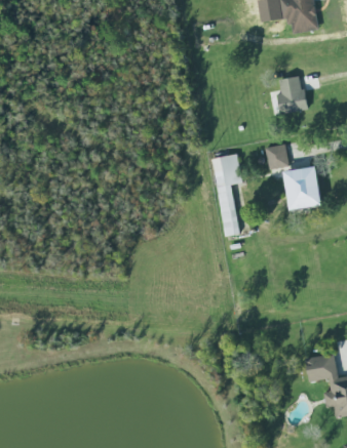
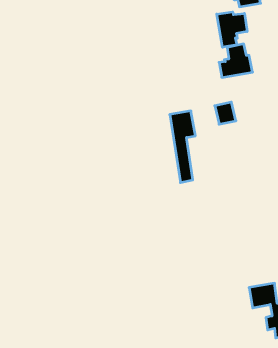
building: none -> [217,12,247,47]
building: [282,166,321,210] -> none

